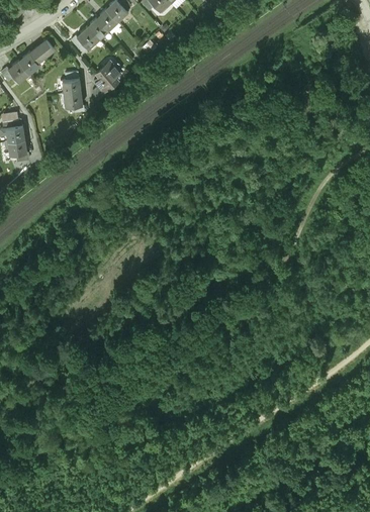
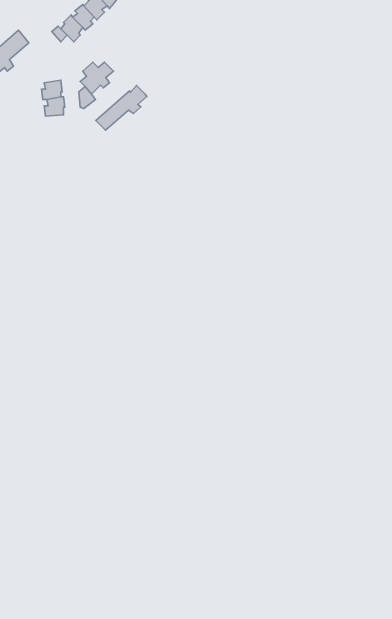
building: none -> [96,86,147,130]

